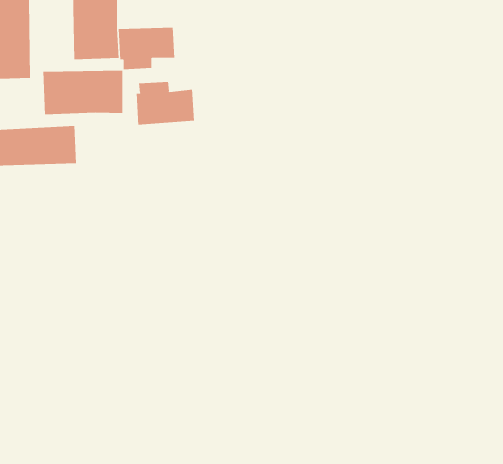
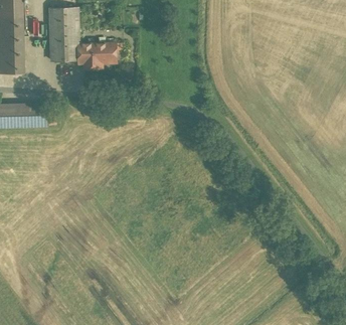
building: [43,70,123,115] -> none
building: [136,81,194,126] -> none

